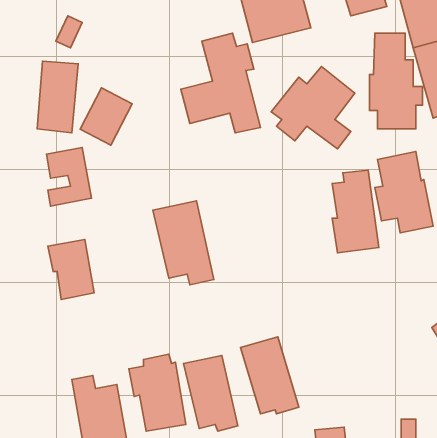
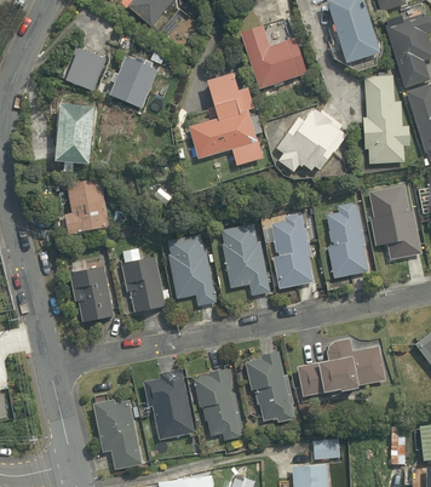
building: [80,88,132,145] -> [110,56,157,108]
building: none -> [270,213,308,287]
building: none -> [219,223,269,296]
building: none -> [121,256,160,311]
building: none -> [298,338,385,399]

